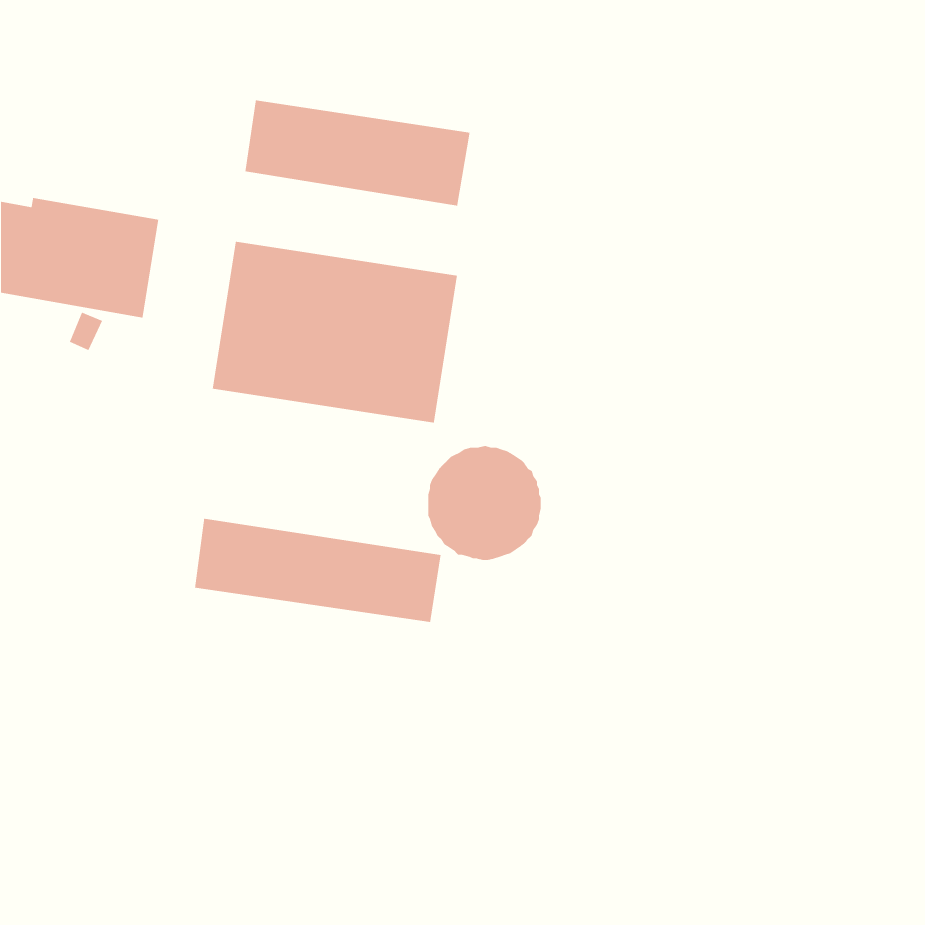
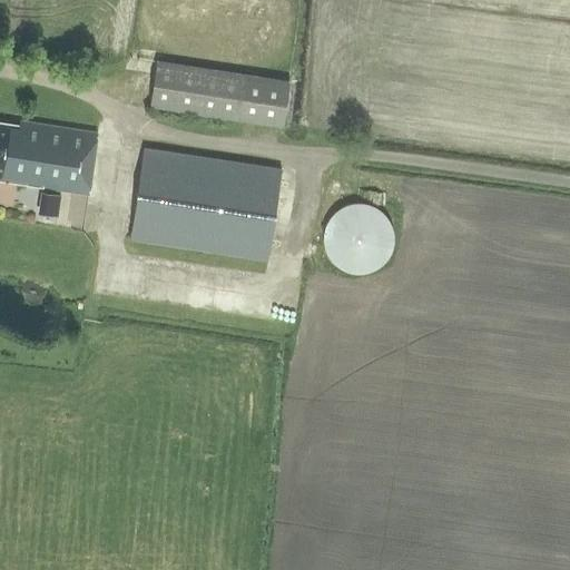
building: [428,445,542,561] -> [324,203,394,274]
building: [194,518,441,623] -> none

